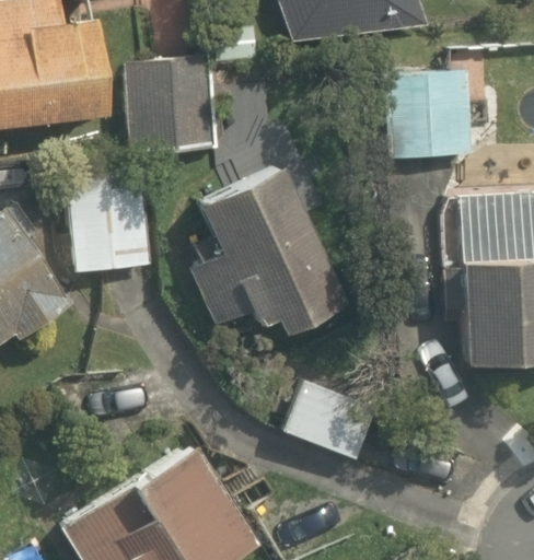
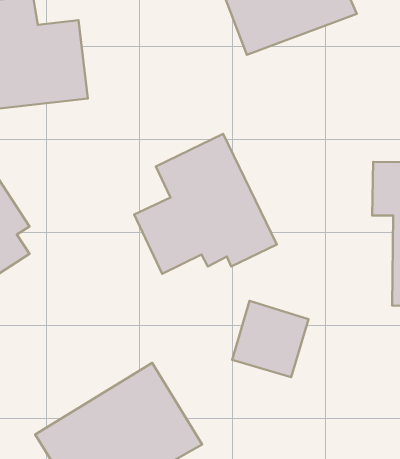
building: [131,51,214,150] -> none
building: [388,74,469,159] -> none
building: [76,172,149,270] -> none

